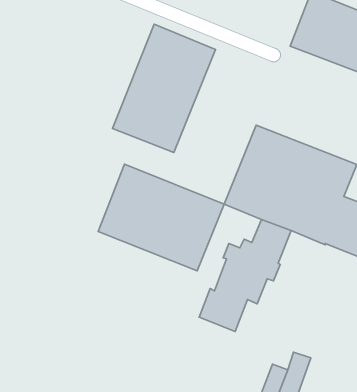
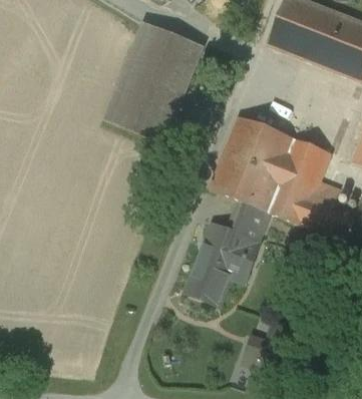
building: [98,164,224,271] -> none

